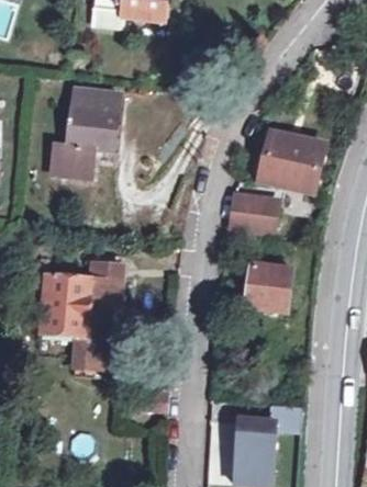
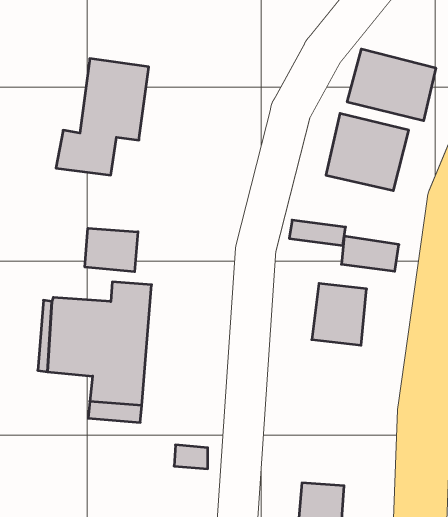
building: none -> [347,49,436,121]
building: [232,192,277,219] -> [341,236,399,271]
building: none -> [85,228,138,272]

